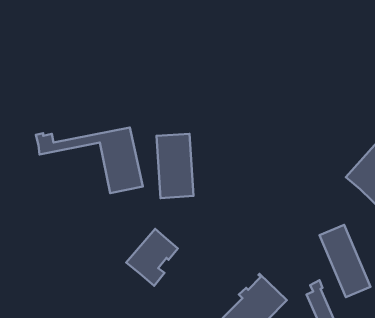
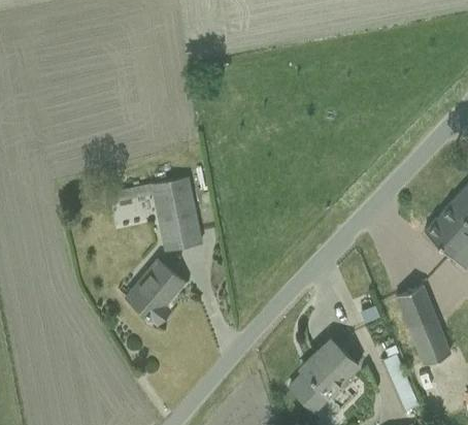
building: [157,134,193,198] -> none
building: [126,229,178,286] -> [127,261,183,324]

